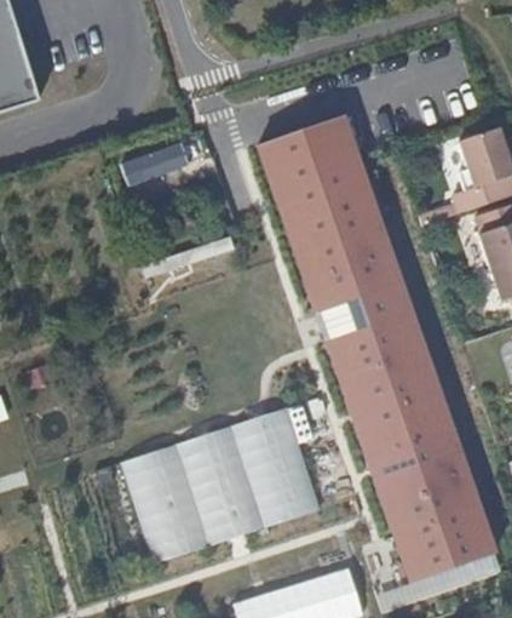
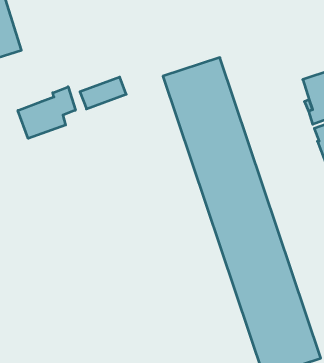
building: none -> [18,87,75,138]
building: [123,410,318,559] -> none

